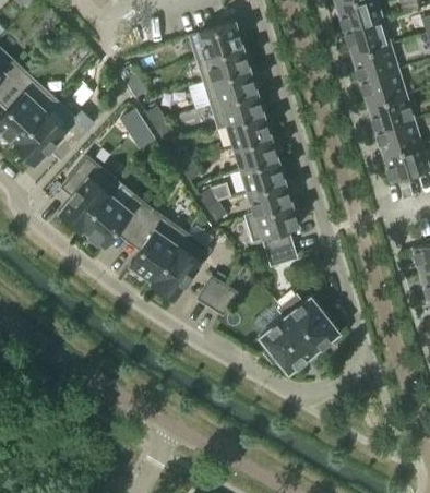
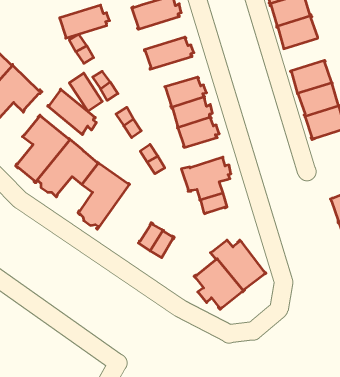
building: [196,46,252,83] -> [60,5,110,38]
building: [359,70,405,107] -> none
building: [210,91,265,129] -> none
building: none -> [48,89,96,135]
building: [248,181,294,215] -> none
building: [151,233,210,300] -> none

